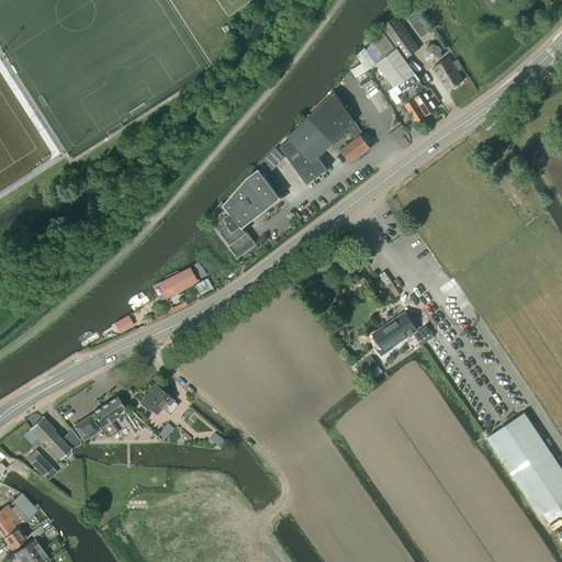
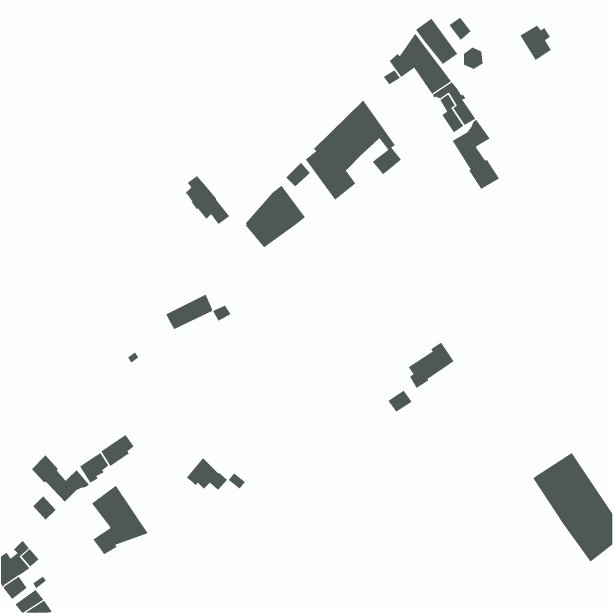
building: [432,58,462,91] -> [520,25,552,61]
building: none -> [452,119,500,190]
building: [213,204,254,251] -> [186,173,230,225]
building: [139,384,178,415] -> [186,457,228,491]
building: none -> [91,485,149,555]

